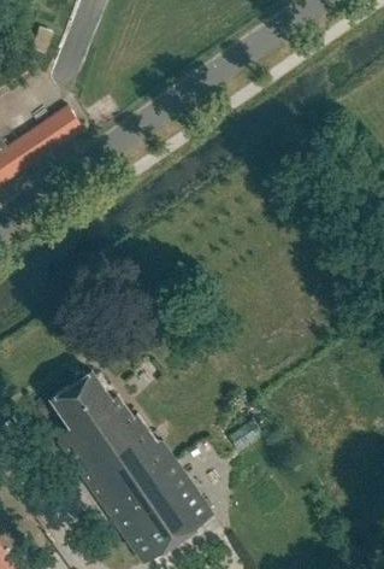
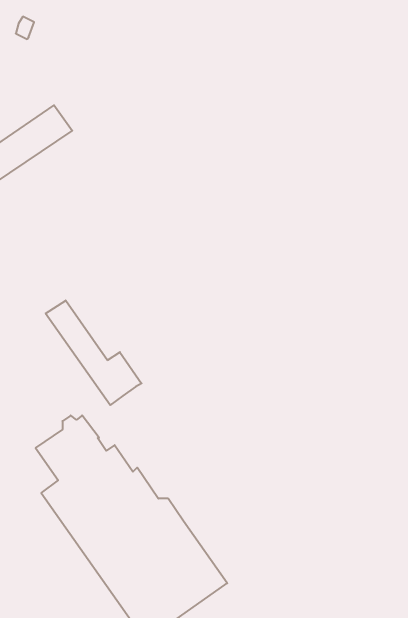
building: none -> [46,300,142,405]

